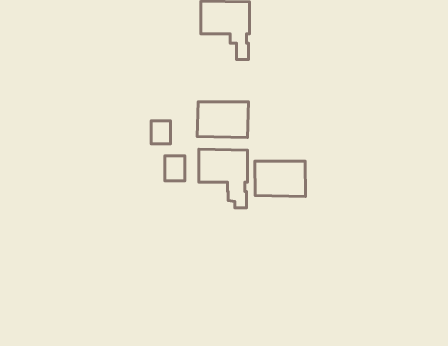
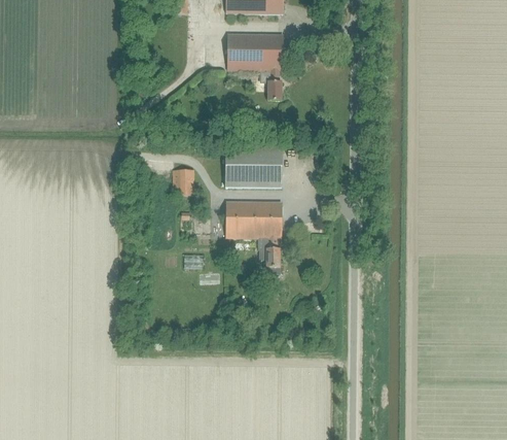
building: [165,156,185,181] -> none
building: [255,161,305,196] -> none

